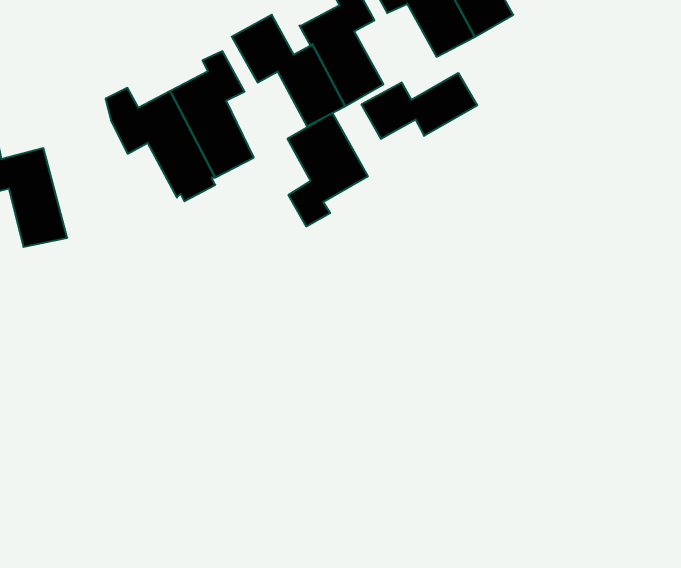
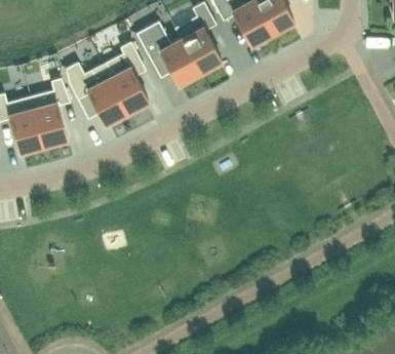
building: [362,73,477,139] -> none
building: [288,113,368,226] -> none
building: none -> [31,79,71,148]

